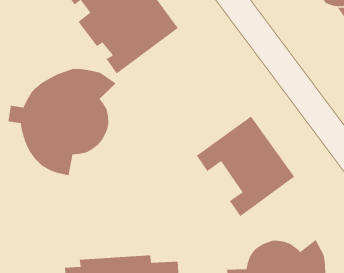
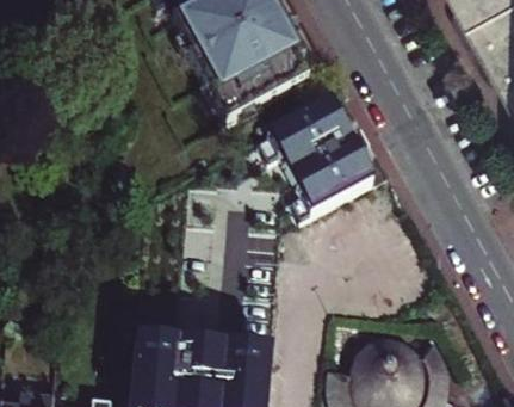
building: [8,68,116,176] -> none
building: [196,115,295,217] -> [255,99,371,220]

